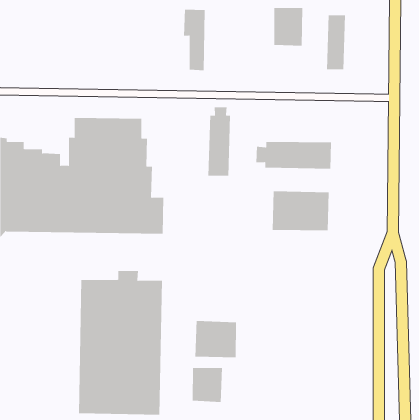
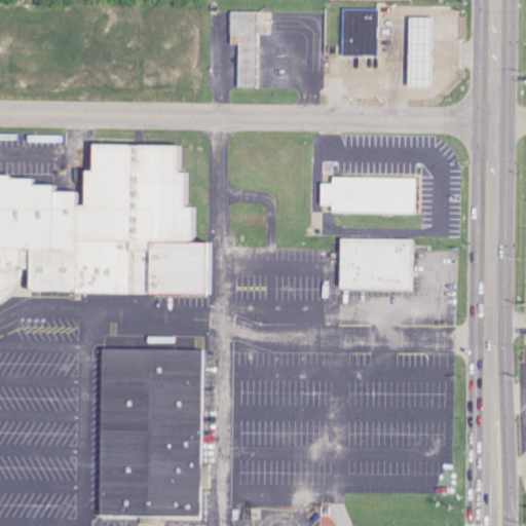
building: [208,107,230,177] -> none
building: [195,320,237,358] -> none
building: [192,367,222,403] -> none

